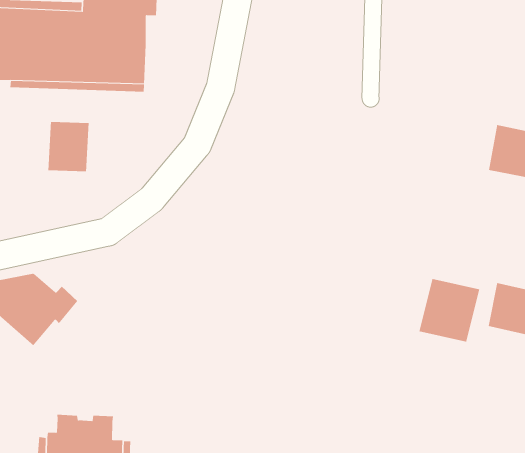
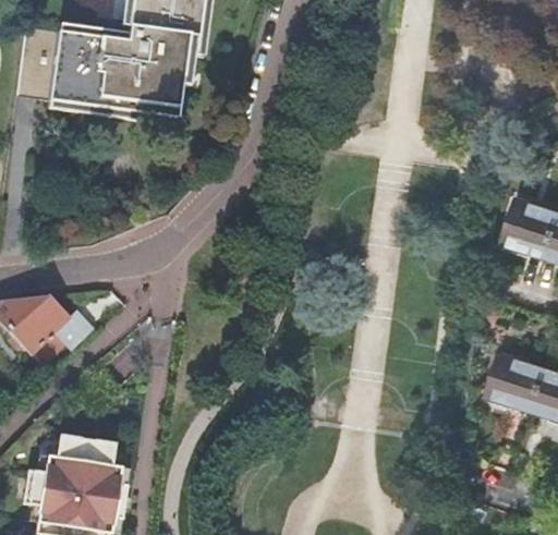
building: [48,121,89,172] -> none
building: [419,278,480,343] -> none

